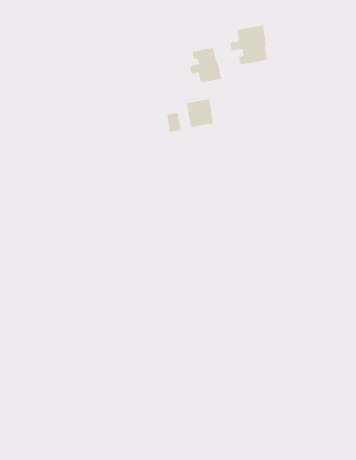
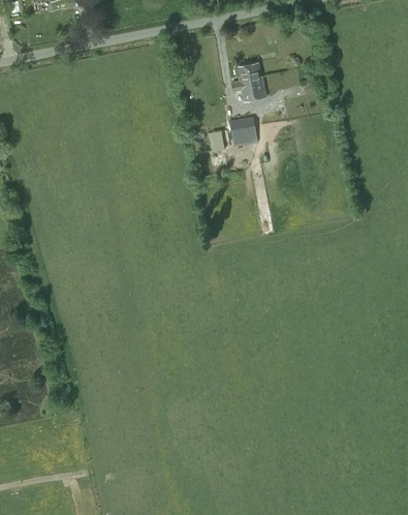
building: [230,25,267,65] -> none

